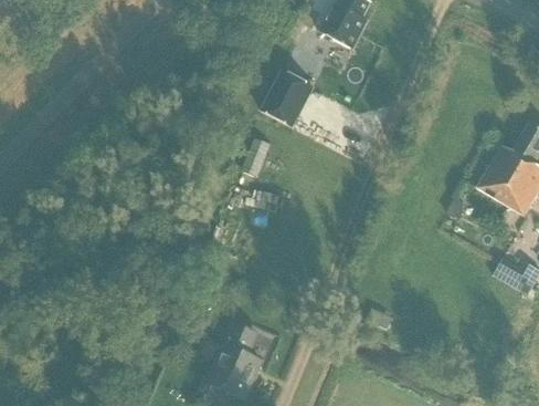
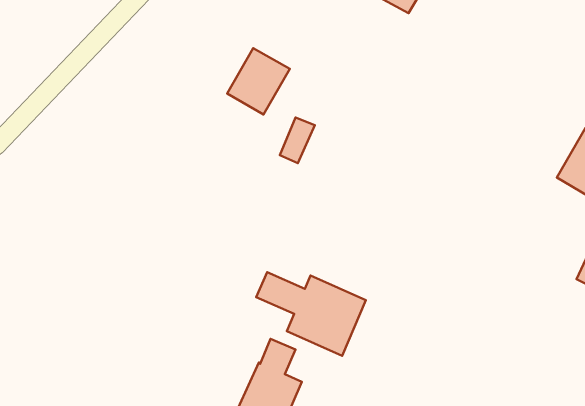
building: [260,66,313,123] -> [227,48,290,114]
building: none -> [256,272,366,356]

